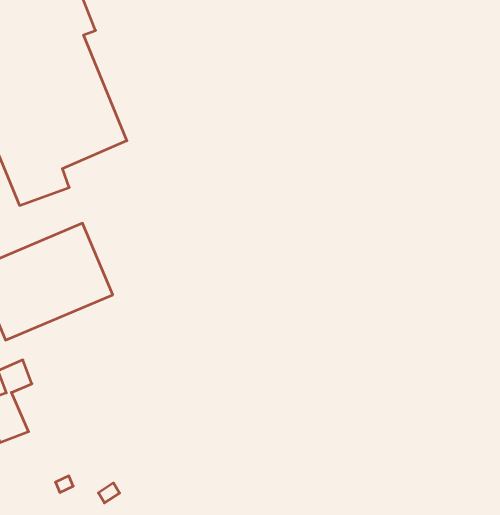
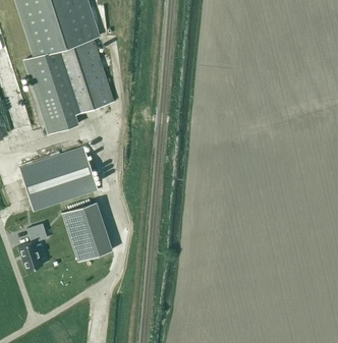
building: none -> [62,201,112,261]

